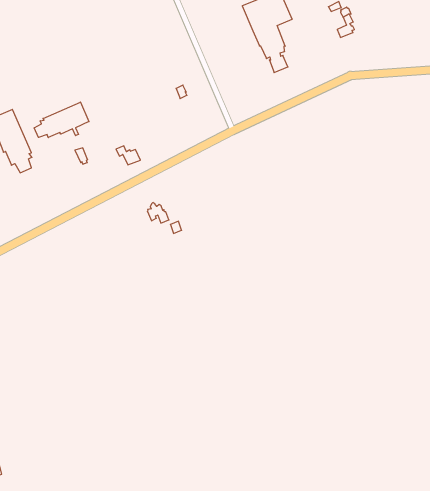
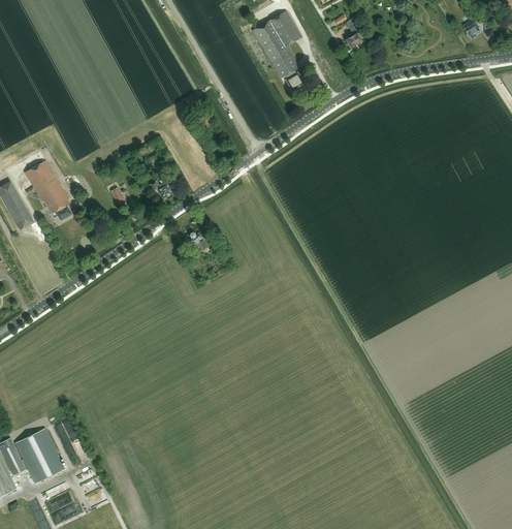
building: [34,102,89,138] -> none

